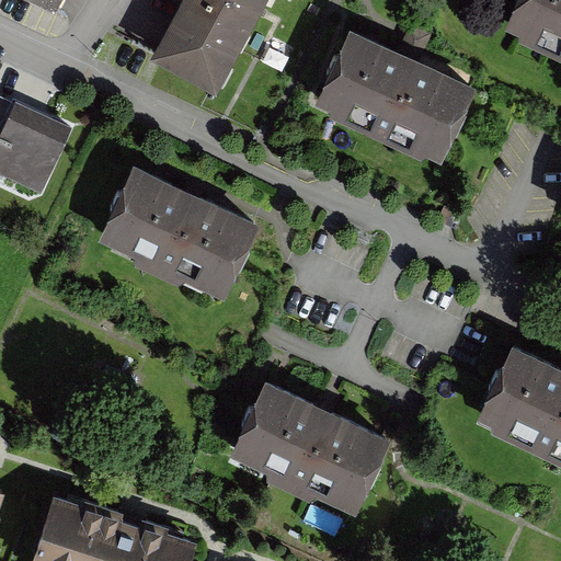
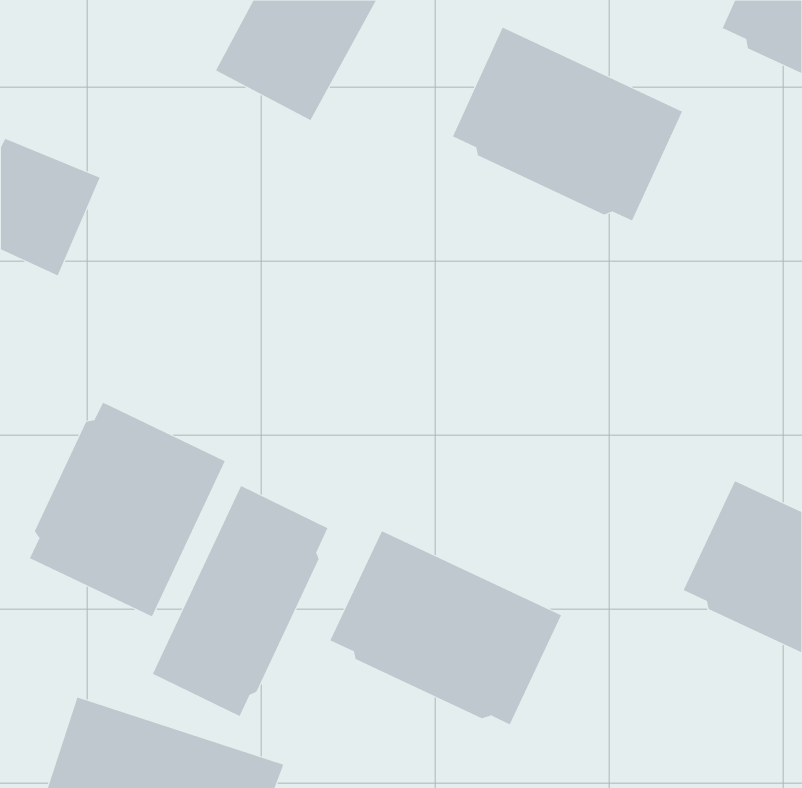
building: [99,165,261,301] -> none
building: none -> [29,402,225,617]
building: none -> [152,485,328,717]

